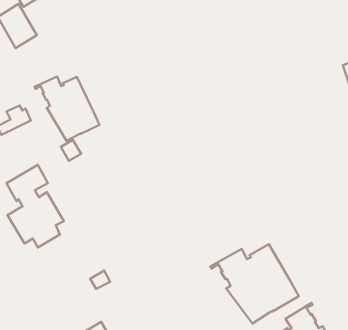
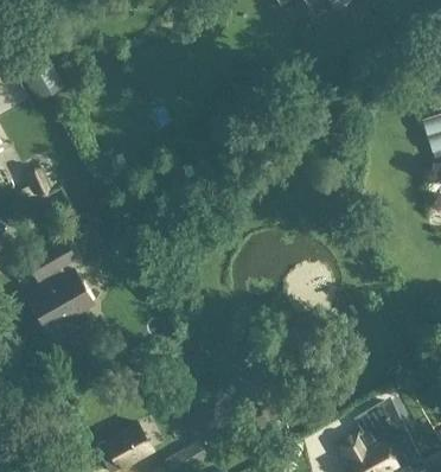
building: [35,77,100,141] -> none
building: [210,244,299,323] -> none

